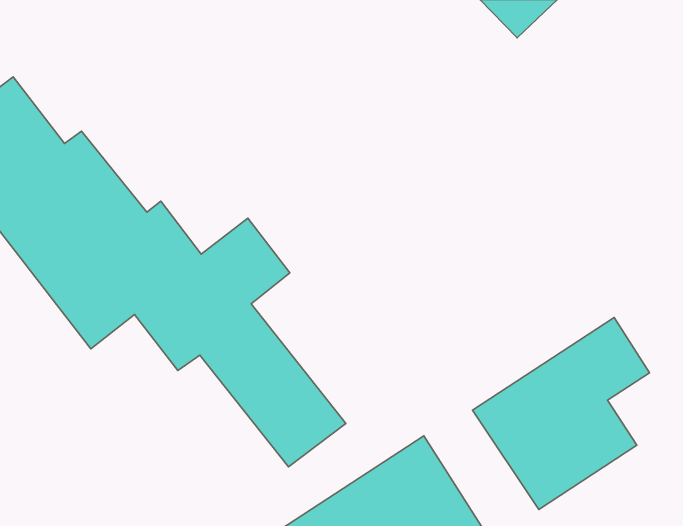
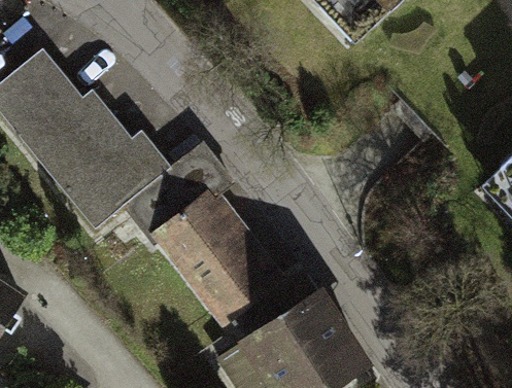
building: [473,318,649,509] -> none

